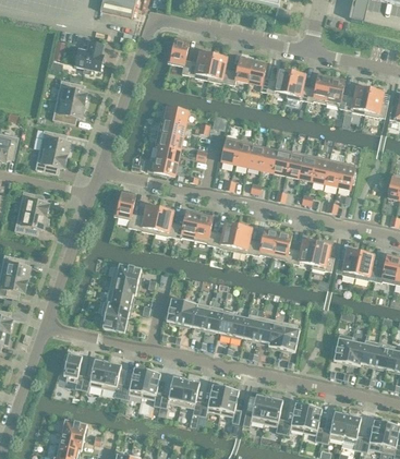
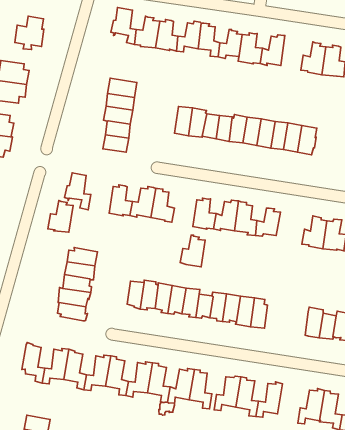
building: [325,74,347,108] -> none
building: [134,202,159,232] -> [48,201,73,232]
building: [213,219,238,250] -> [180,235,205,267]
building: [310,241,334,270] -> none
building: [302,403,324,442] -> none

